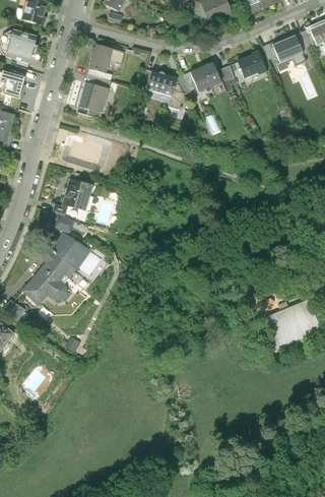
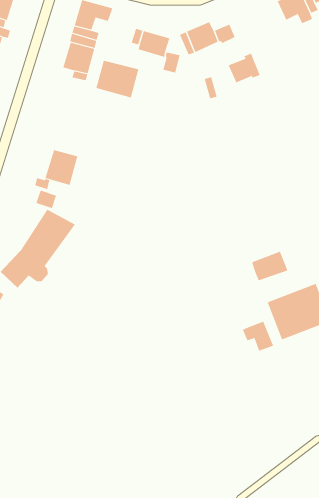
building: [238,51,267,78] -> [228,53,260,83]
building: [68,136,108,171] -> [95,60,139,98]
building: none -> [252,251,288,281]
building: none -> [242,321,274,352]

